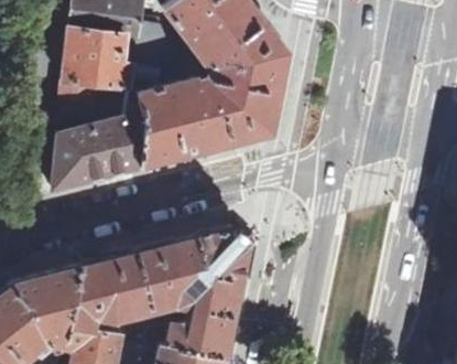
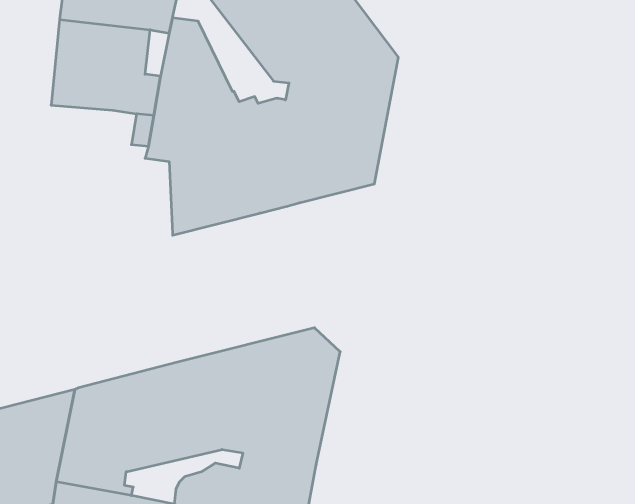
building: [59,85,105,130] -> none
building: [54,119,143,190] -> none

